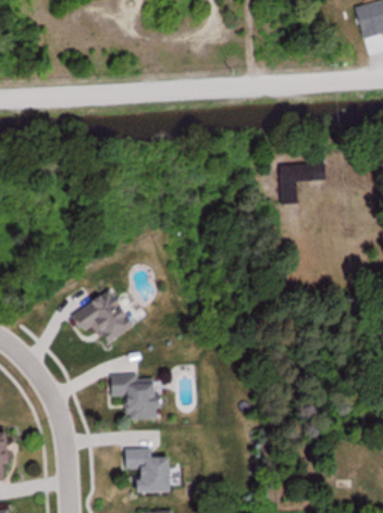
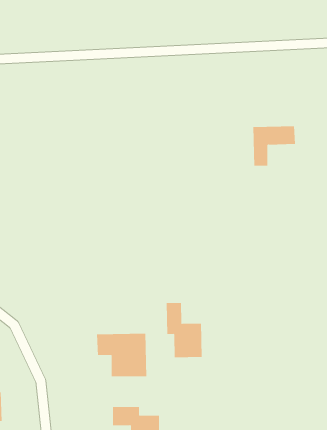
building: [73,289,135,343] -> none
building: none -> [166,302,202,358]

